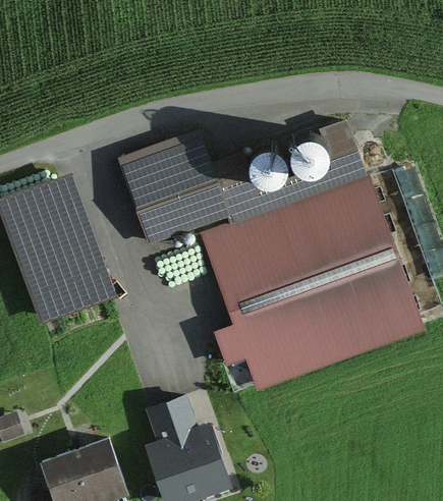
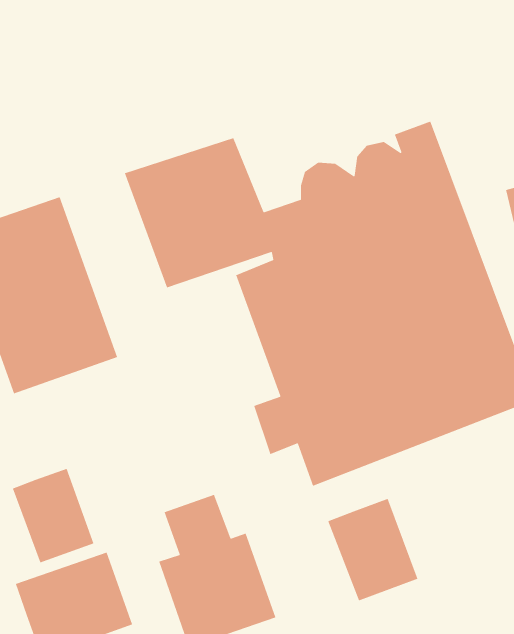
building: none -> [12,468,95,564]
building: none -> [327,498,419,602]

